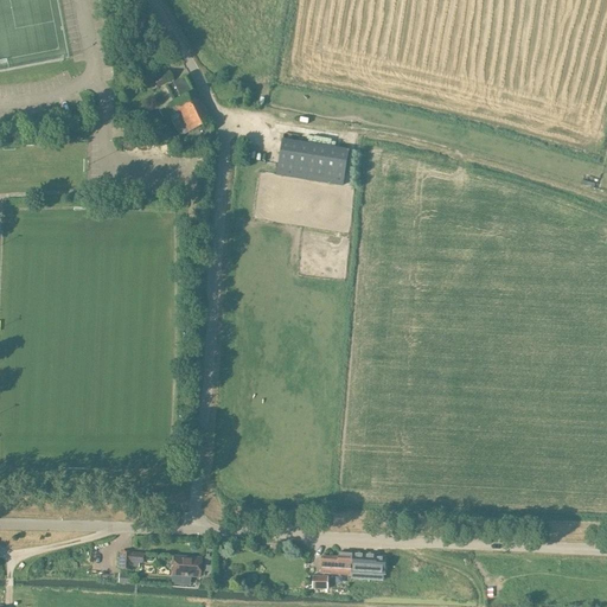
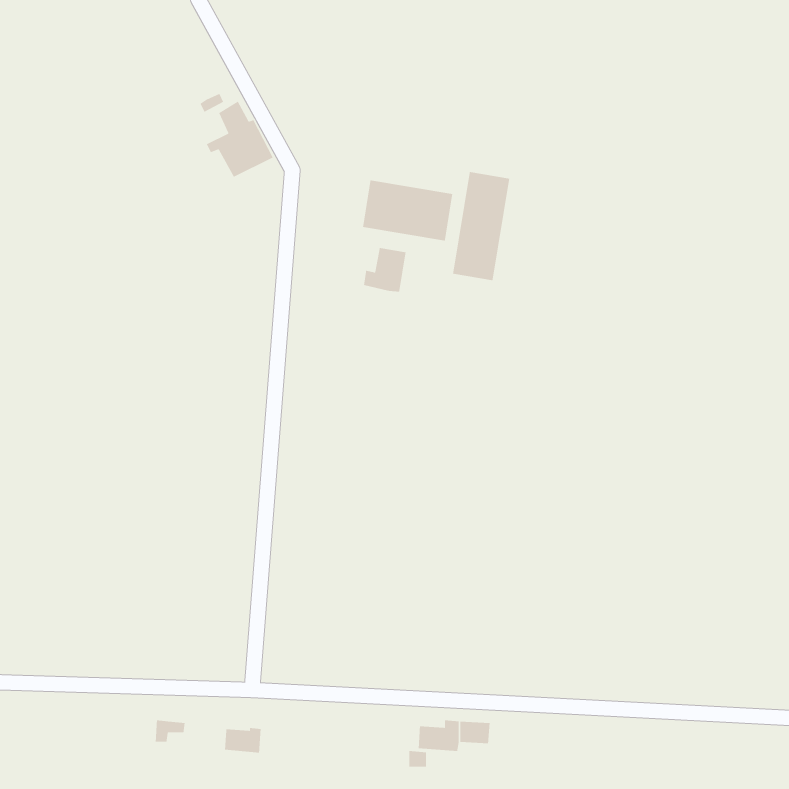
building: none -> [452,171,510,281]
building: none -> [363,247,407,292]

